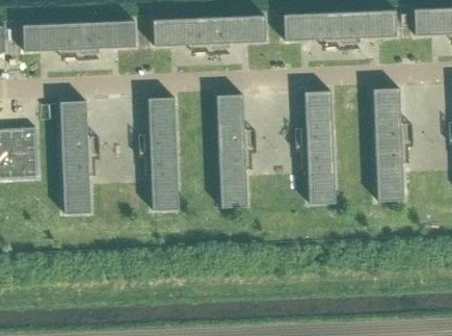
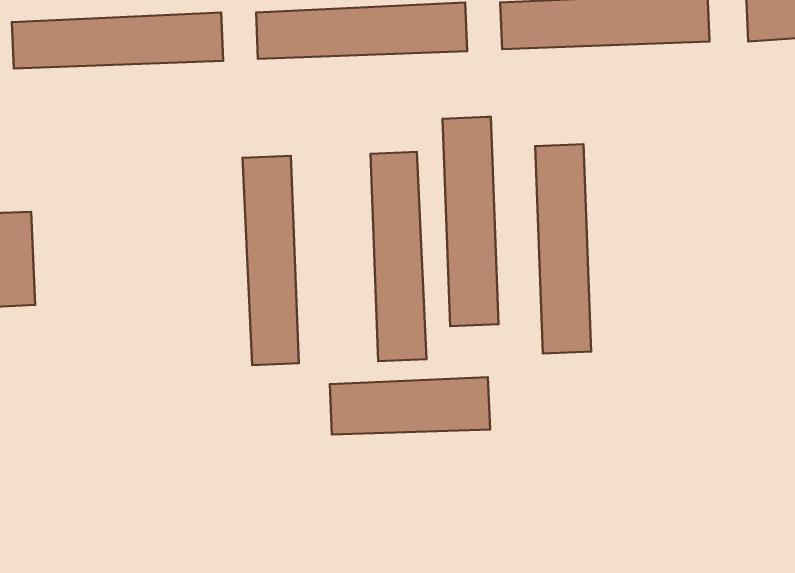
building: [373,88,403,201] -> [442,117,499,326]
building: [59,101,89,213] -> none
building: none -> [330,377,490,434]

